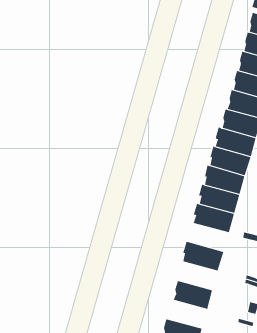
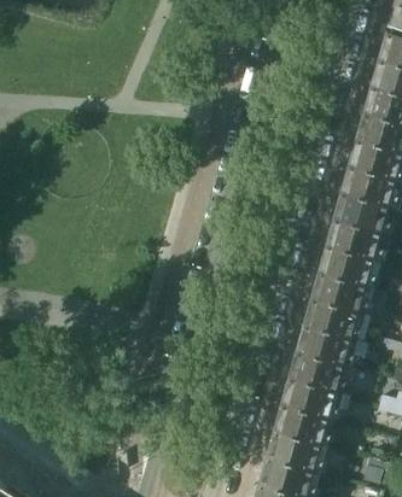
building: none -> [299,323,357,364]
building: none -> [284,376,342,417]
building: none -> [272,431,327,470]

